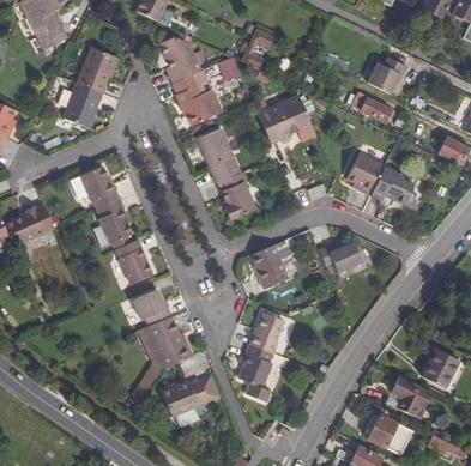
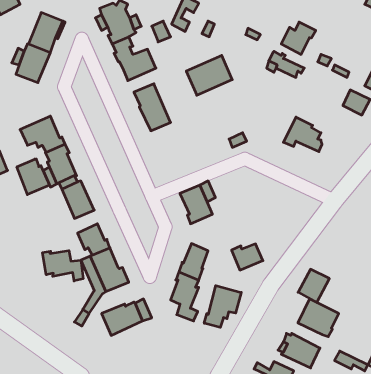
building: [346,152,384,195] -> none
building: [217,170,255,219] -> none
building: none -> [17,159,50,195]
building: [326,243,362,273] -> [232,244,263,270]
building: none -> [43,251,83,281]
building: [422,350,458,388] -> [298,269,329,303]
building: none -> [204,286,241,327]

